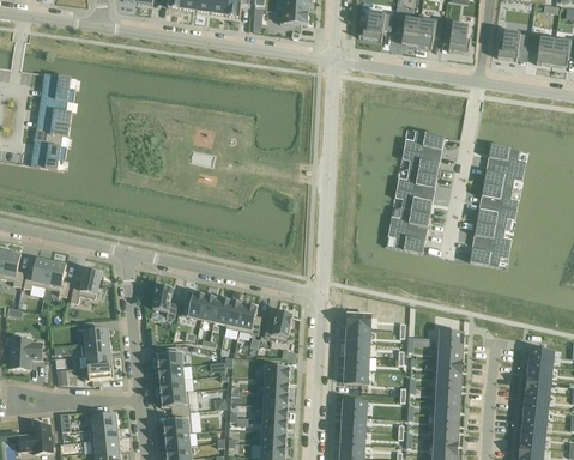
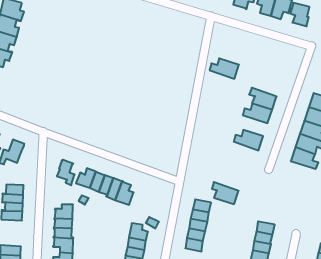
building: [404,129,443,155] -> [210,58,239,79]
building: [394,187,433,212] -> none
building: [388,225,425,252] -> [212,182,239,204]
building: [469,241,508,266] -> none
building: [264,309,292,339] -> none

